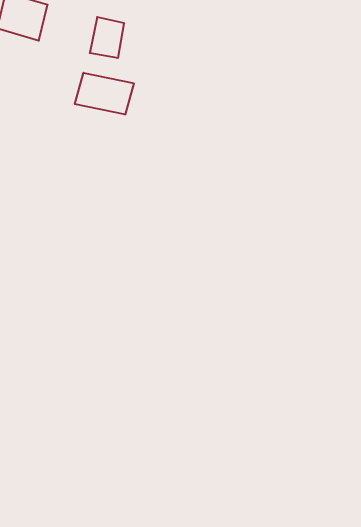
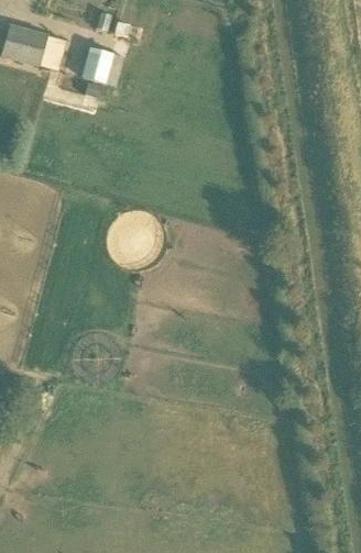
building: [75,73,134,115] -> none

